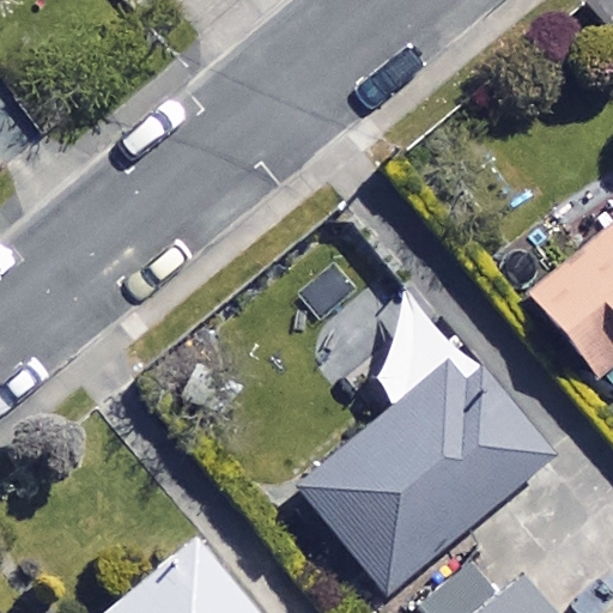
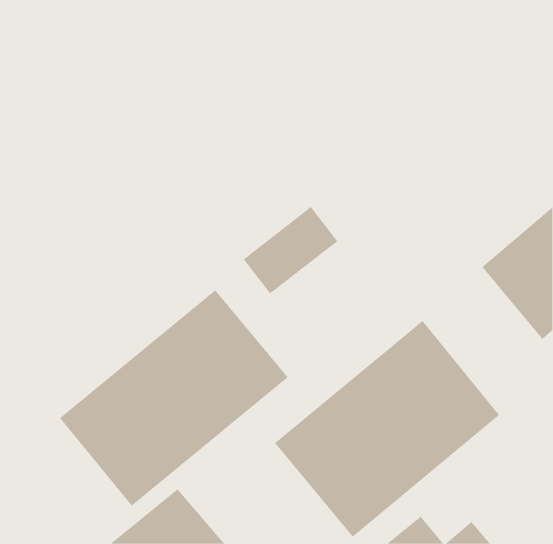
building: none -> [59,290,288,507]

